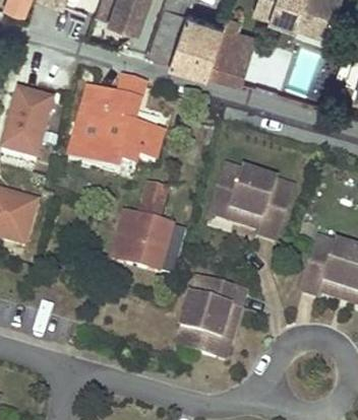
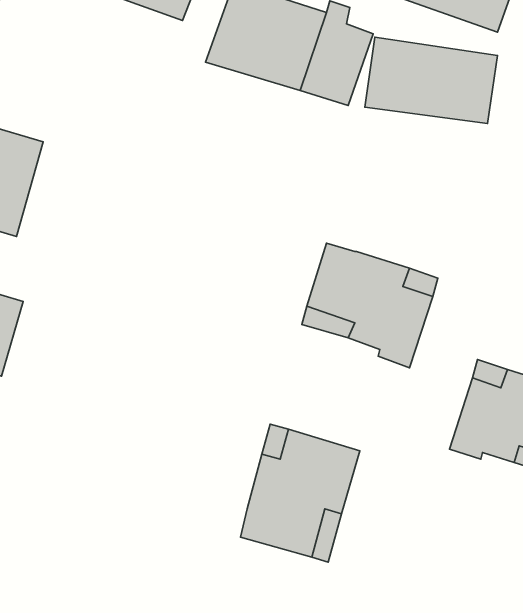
building: [69,74,164,172] -> none
building: [109,183,183,274] -> none

